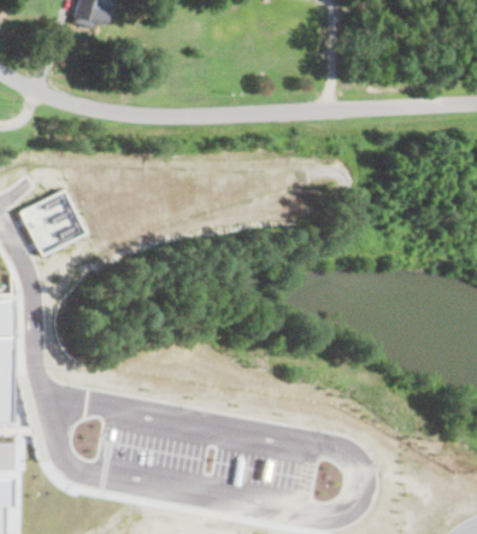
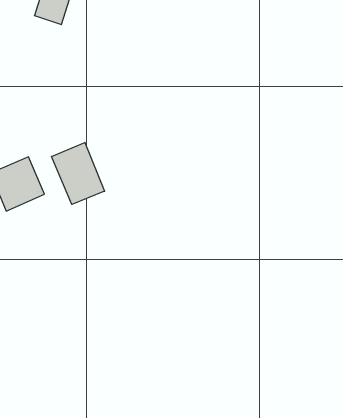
building: none -> [52,142,105,204]

